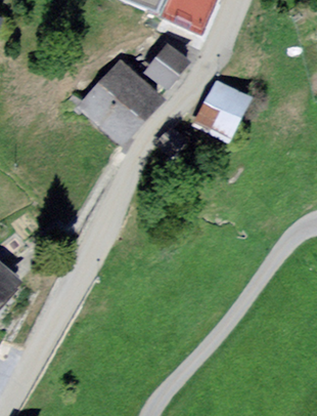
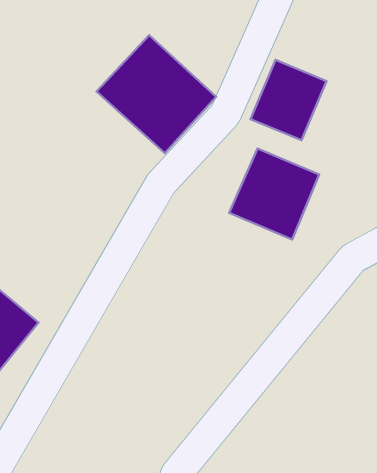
building: [143,42,195,94] -> none
building: none -> [229,148,319,239]

